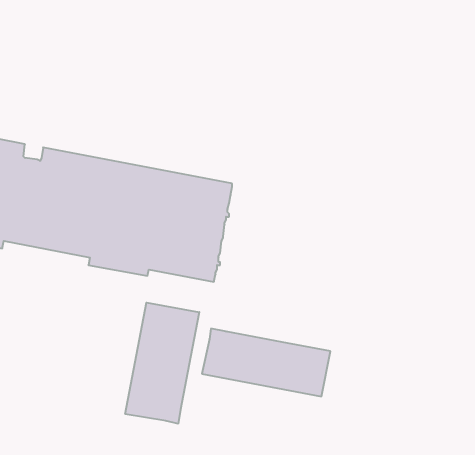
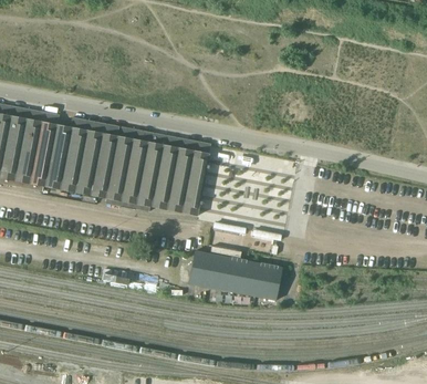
building: [125,303,199,424] -> none

